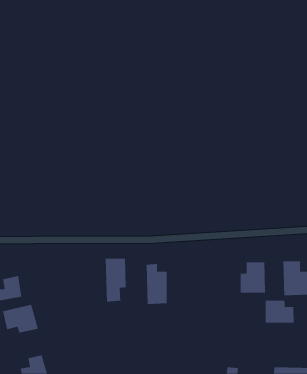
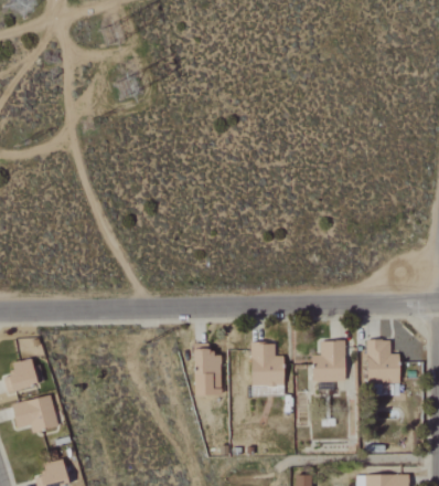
building: [105,258,126,302] -> none
building: none -> [250,344,283,387]
building: [265,300,295,324] -> none

